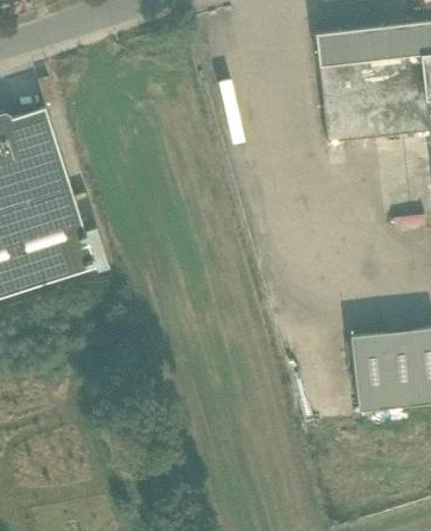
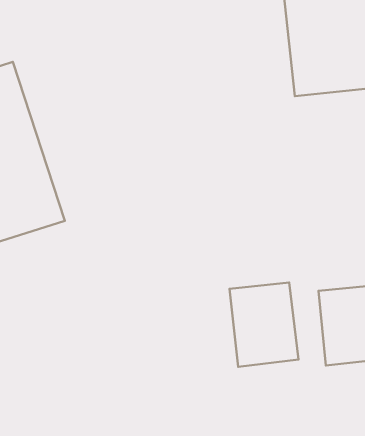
building: none -> [230,283,298,367]

